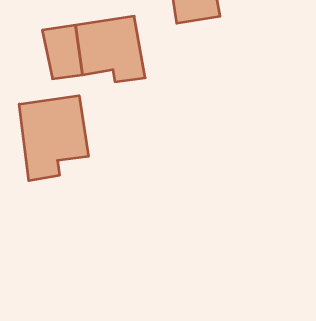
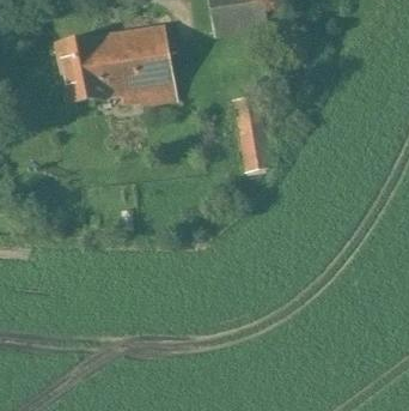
building: none -> [234,98,269,171]
building: [19,96,88,181] -> none

